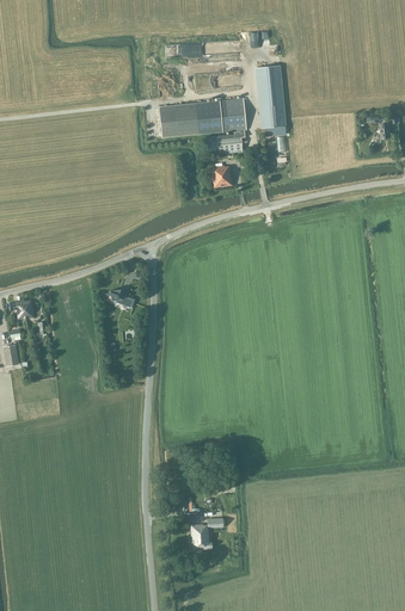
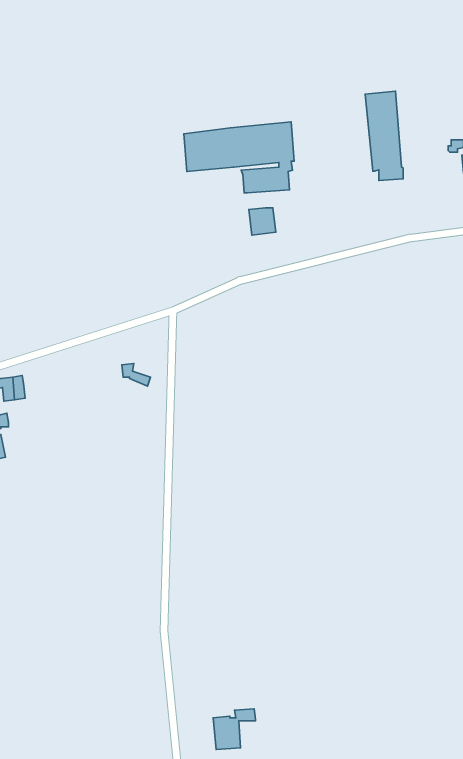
building: [256,64,286,135] -> [365,91,403,180]
building: [190,517,223,549] -> [213,709,256,749]

